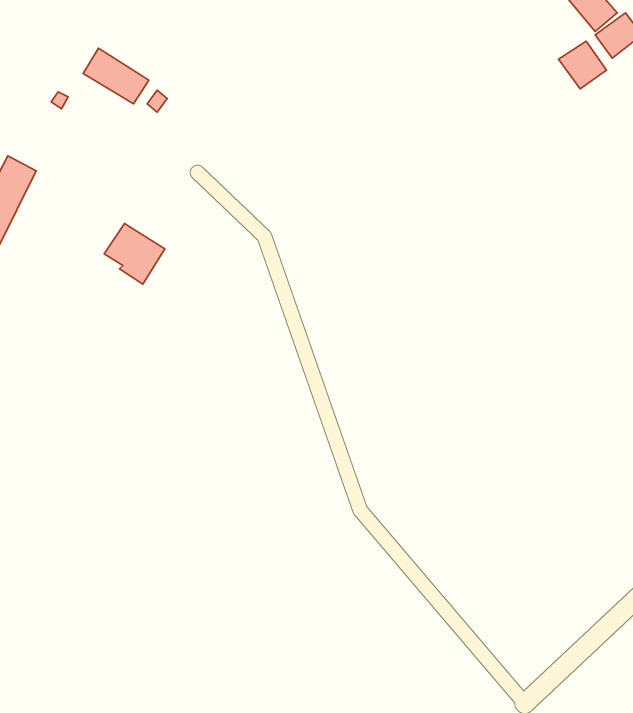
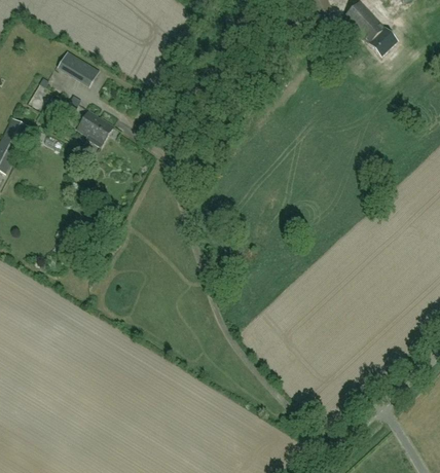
building: [559,41,606,89] -> none
building: [104,224,165,284] -> [76,110,113,147]

